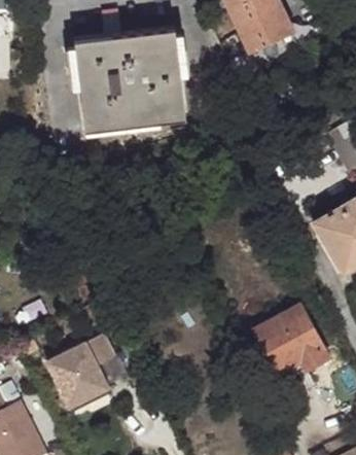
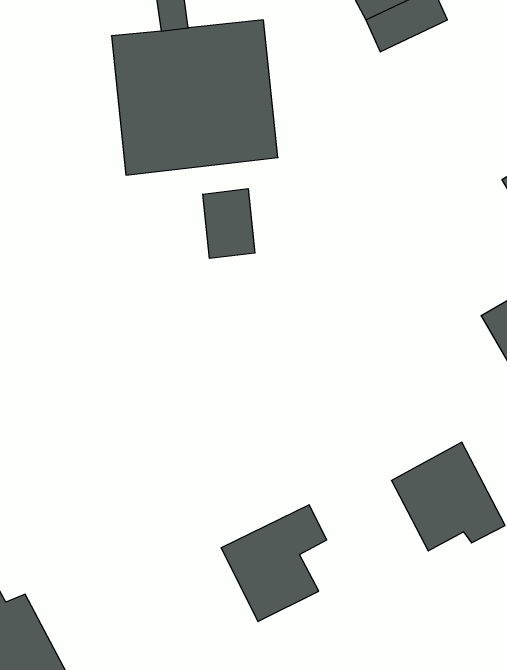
building: none -> [203,189,255,258]
building: [48,332,116,408] -> [221,505,327,622]

